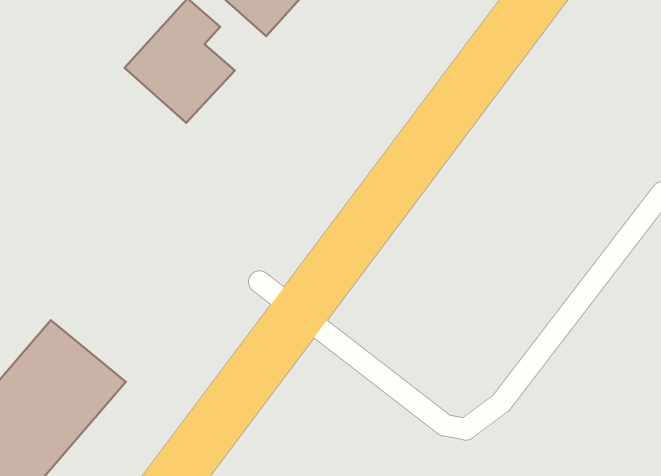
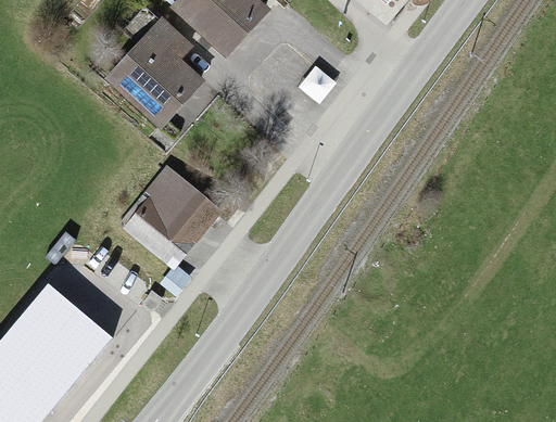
building: none -> [124,169,216,261]

